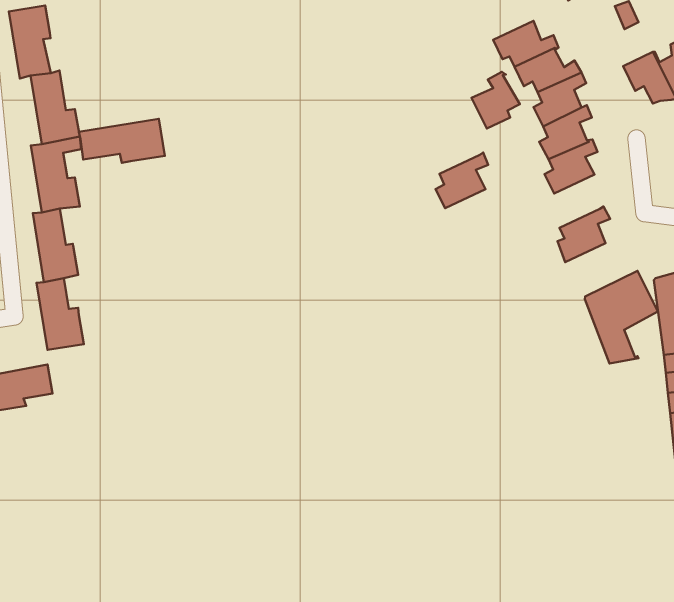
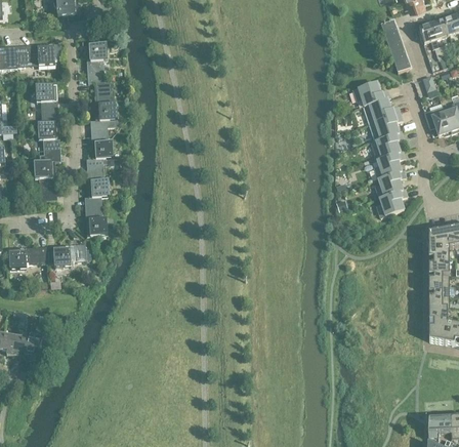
building: [472,72,520,128] -> none
building: [79,119,165,163] -> none
building: [436,153,488,208] -> [375,169,406,198]
building: [585,271,658,364] -> none

